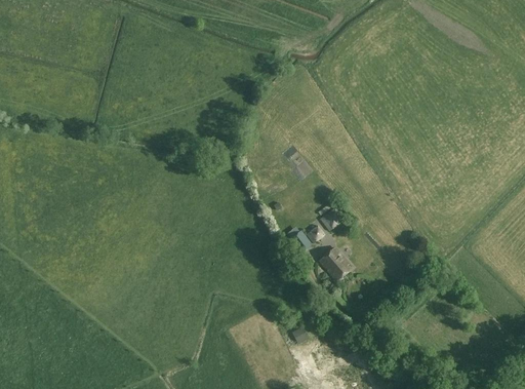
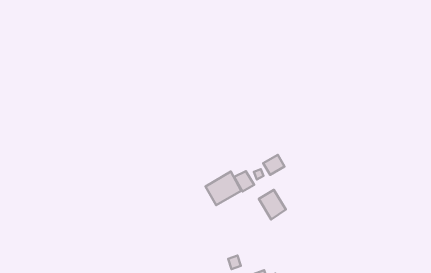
building: none -> [206,171,241,205]

